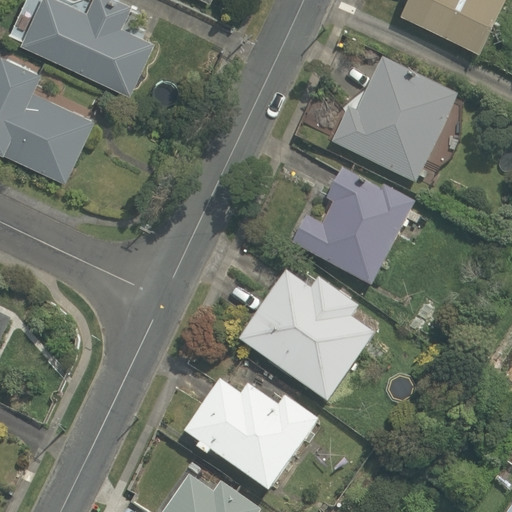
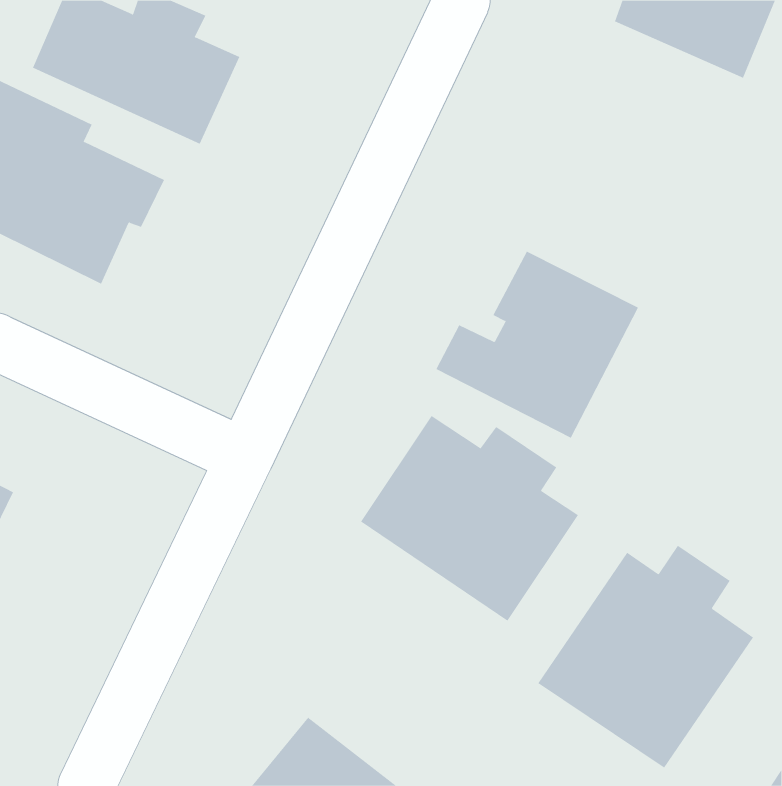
building: [327,54,460,186] -> none
building: none -> [537,545,754,769]
building: [179,378,323,496] -> none

